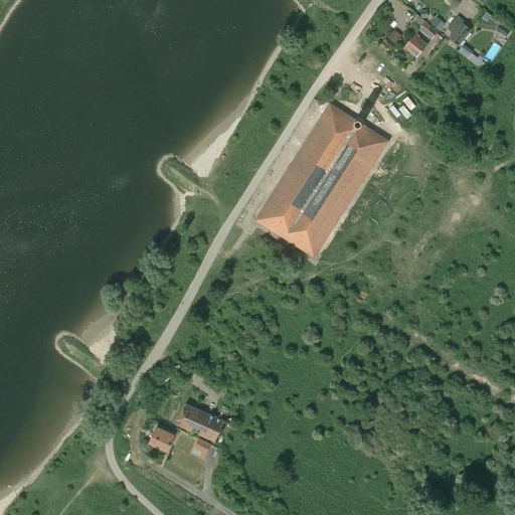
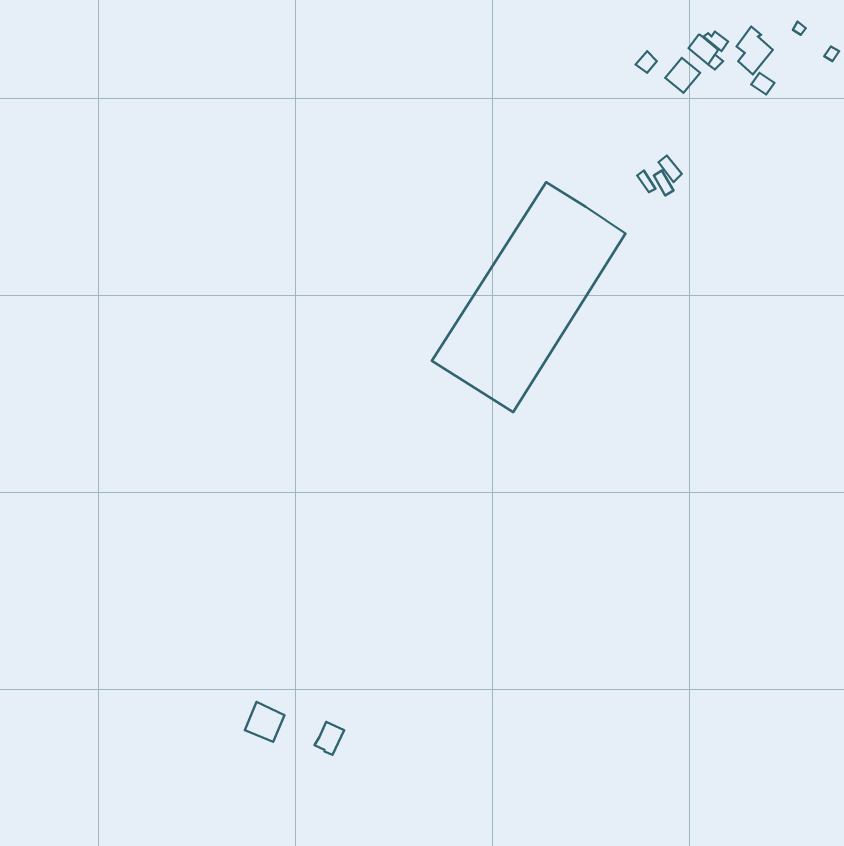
building: [176,403,223,441] -> none

